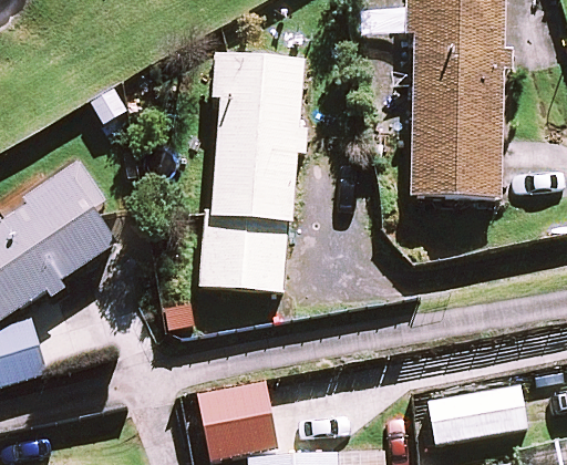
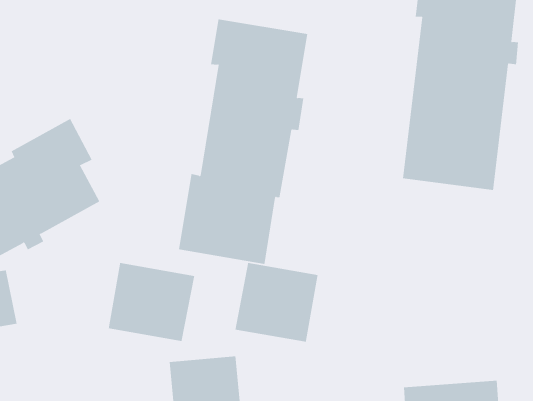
building: none -> [235,262,318,342]
building: none -> [108,262,195,342]

